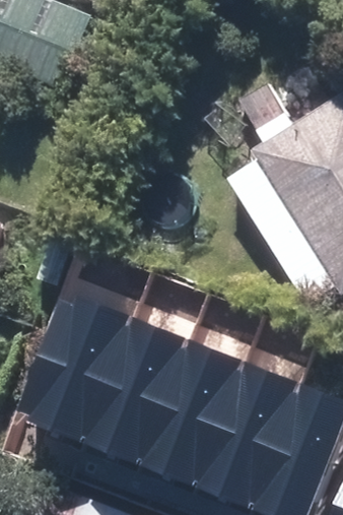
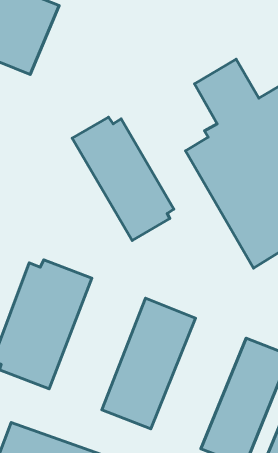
building: none -> [72,117,174,240]
building: [79,318,187,465] -> none
building: [193,363,299,509] -> none

